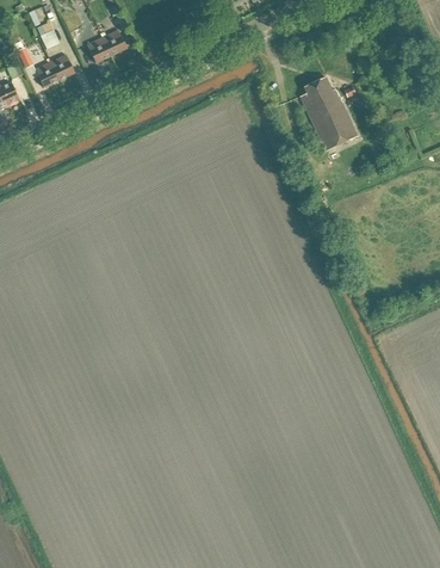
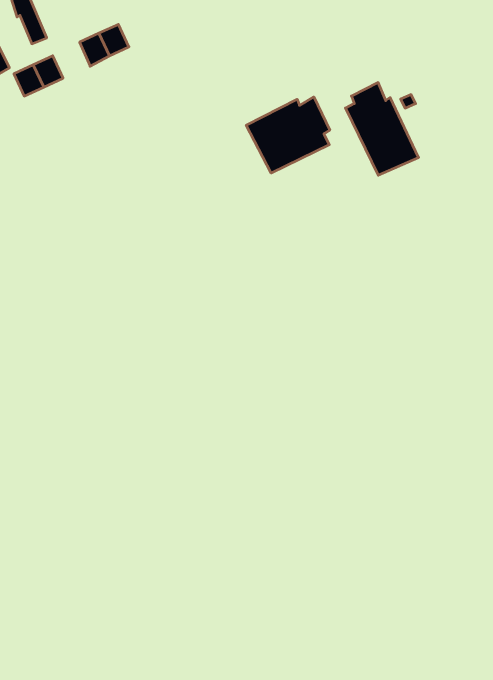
building: none -> [246,97,330,173]

